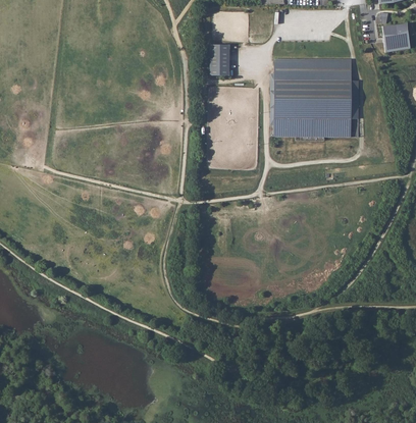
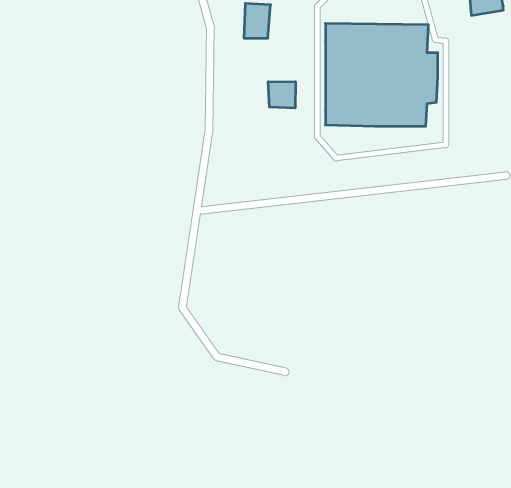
building: none -> [268,82,295,108]

